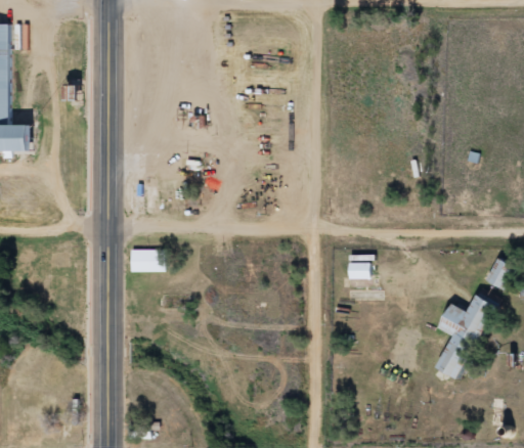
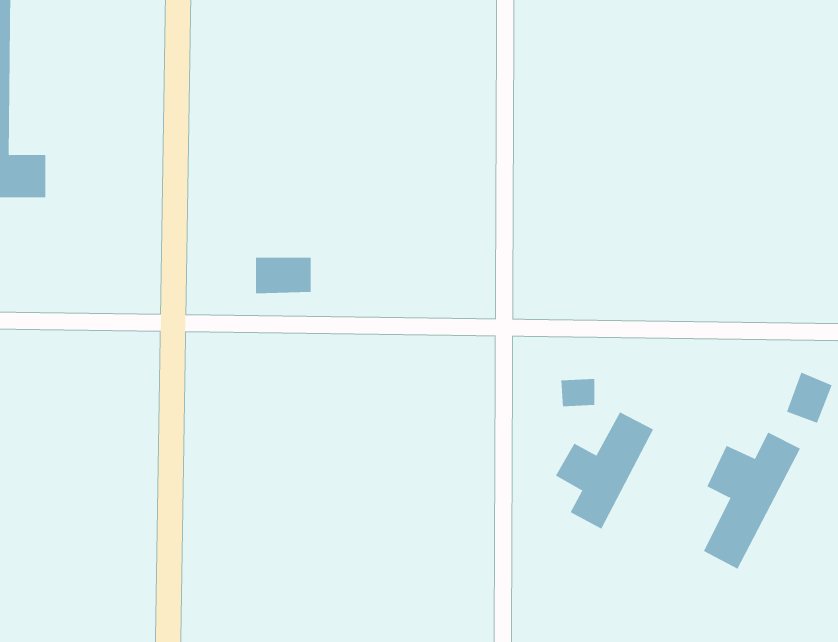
building: [129,250,164,272] -> [255,257,311,294]
building: none -> [555,411,654,530]

